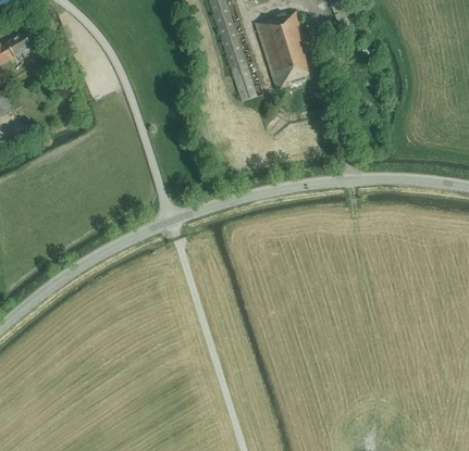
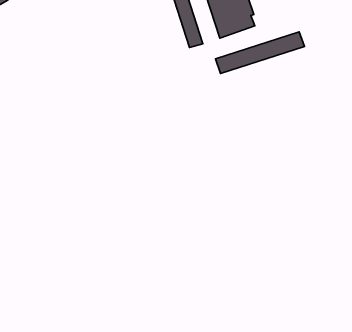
building: none -> [215,32,304,74]

